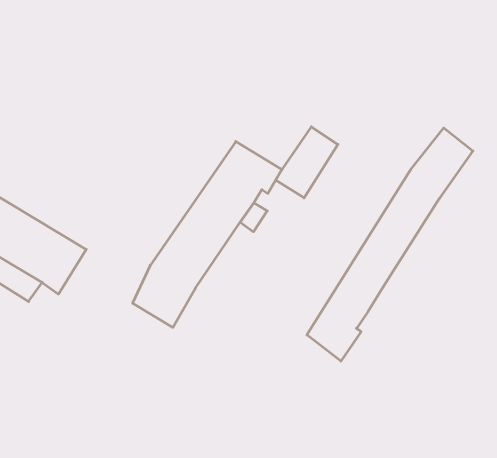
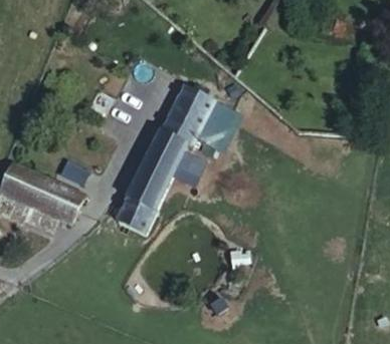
building: none -> [169,83,215,127]
building: [307,128,473,361] -> none

